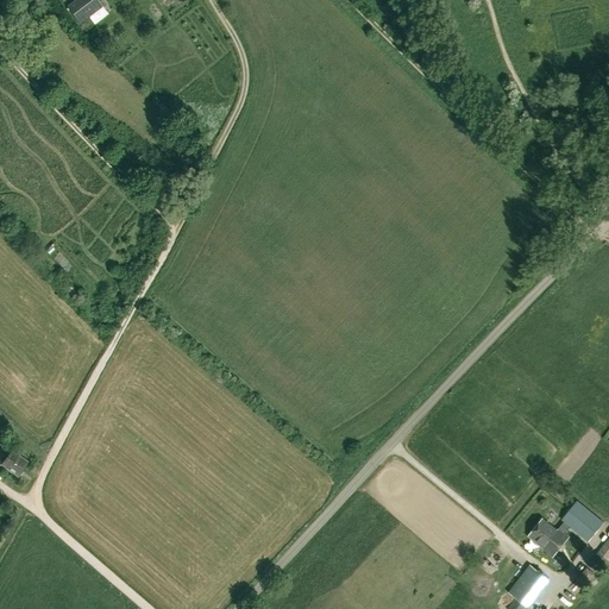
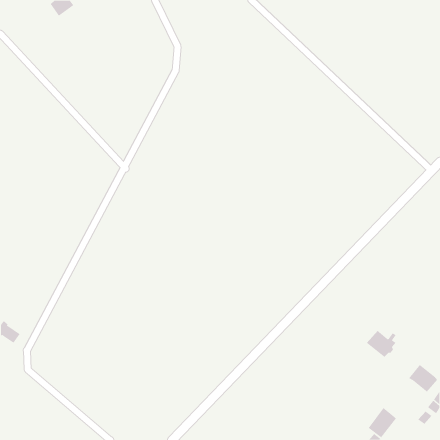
building: [528,519,570,557] -> [366,330,396,358]

